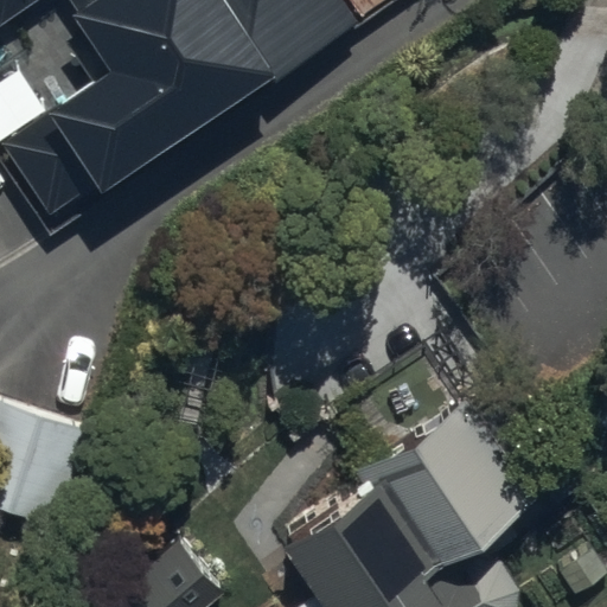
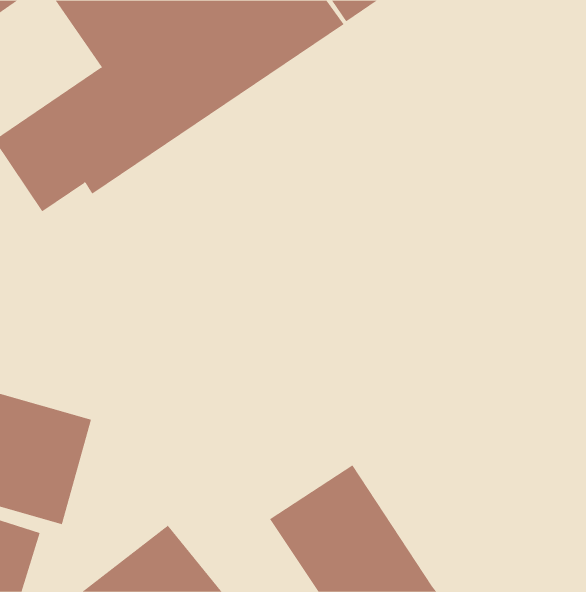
building: [359,405,536,589] -> none

